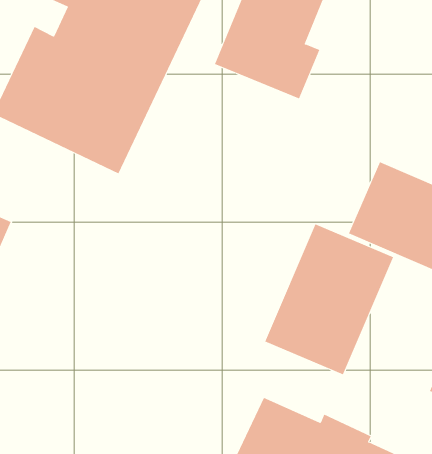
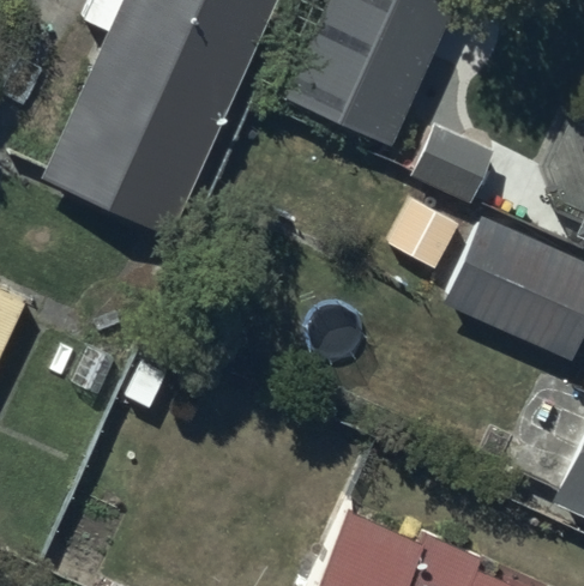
building: [265,224,394,375] -> none

